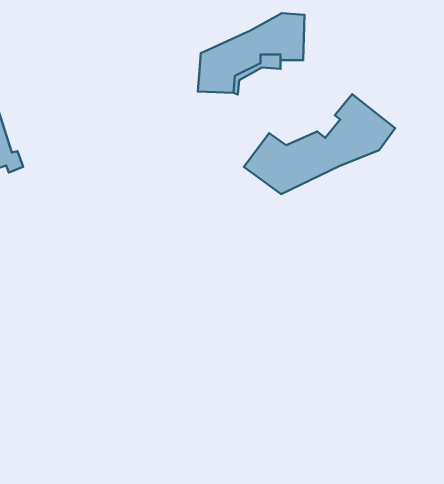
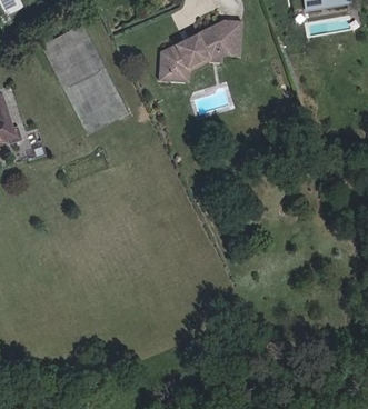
building: [244,94,395,194] -> none

